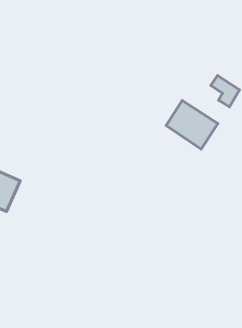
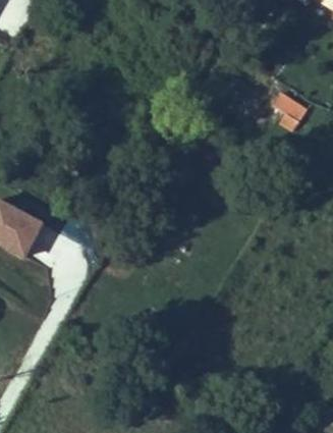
building: [166,101,218,149] -> none

